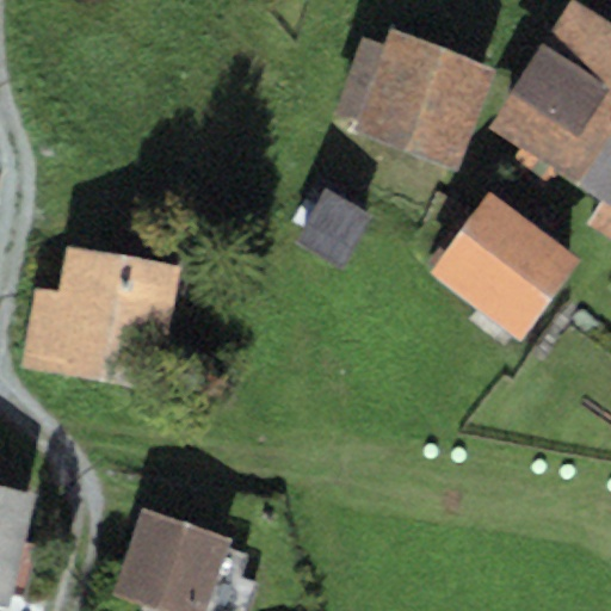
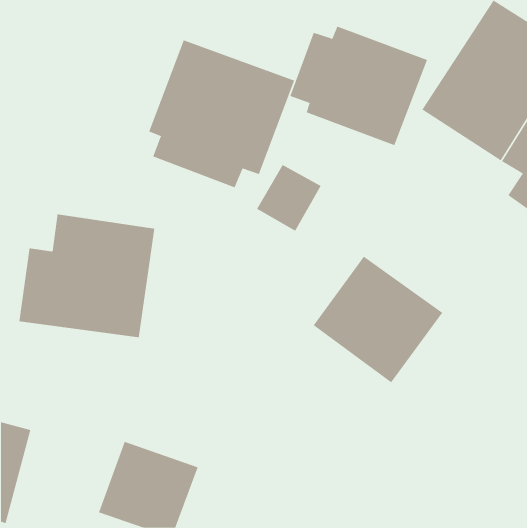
building: none -> [149,39,295,188]
building: [431,191,581,338] -> [313,256,443,383]

